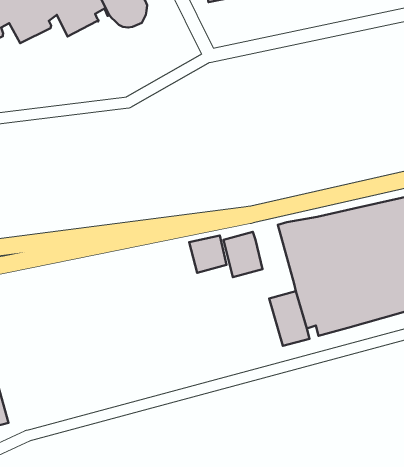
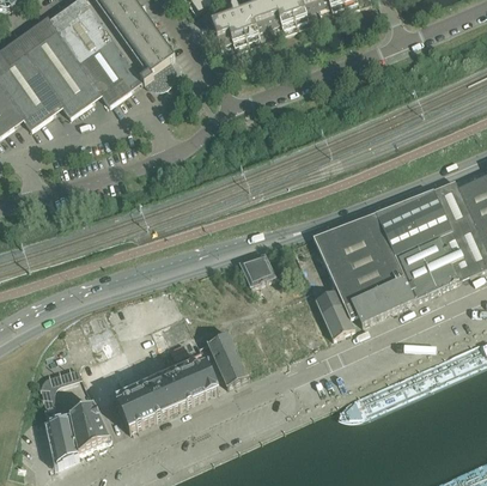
building: [223,232,262,277] -> none
building: none -> [208,332,249,384]
building: none -> [114,350,220,430]

